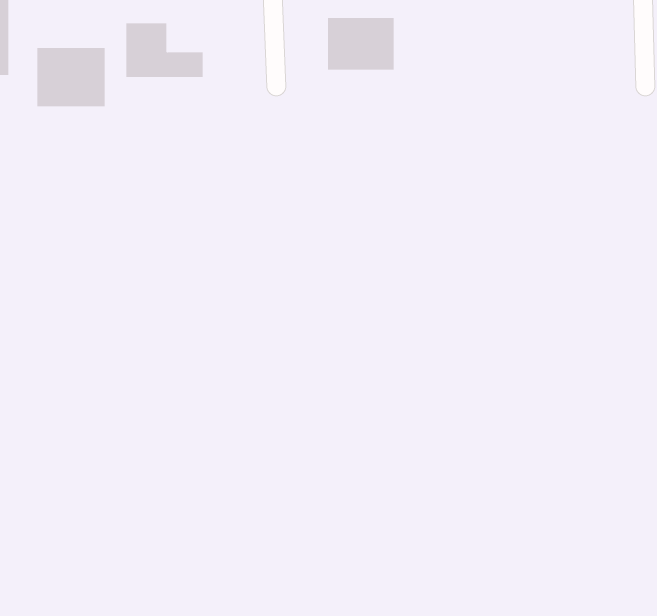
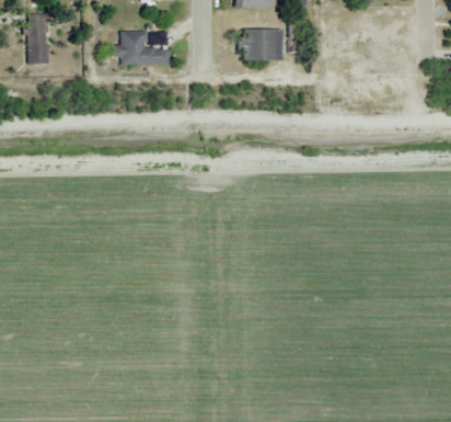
building: [37,47,105,107] -> none

